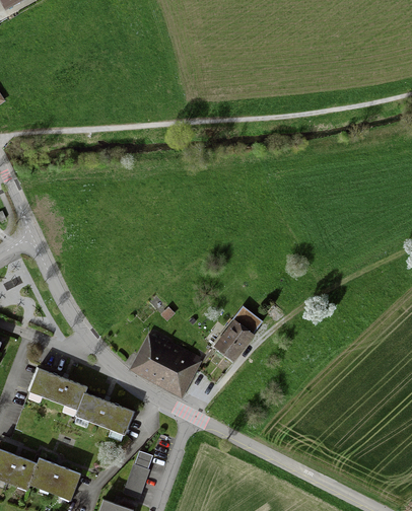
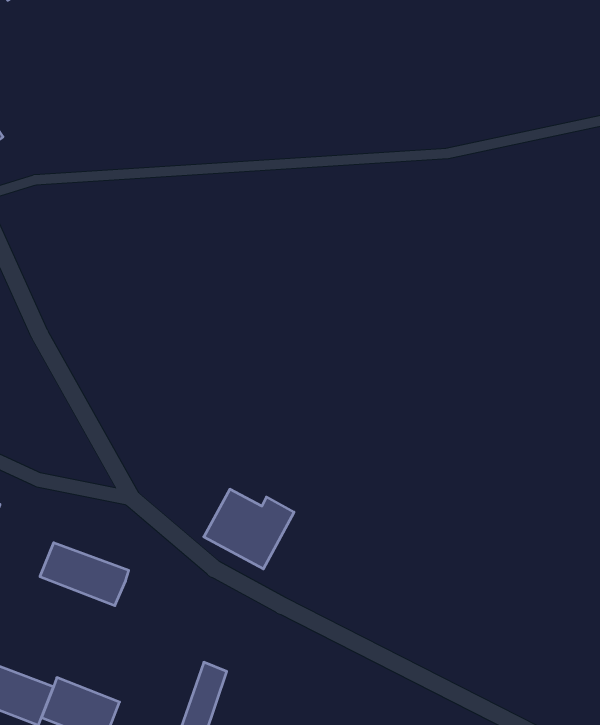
building: [212,304,258,353] -> none
building: [76,394,133,434] -> none

